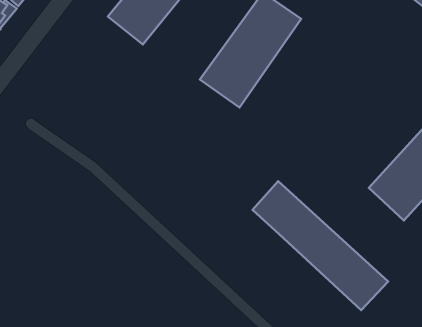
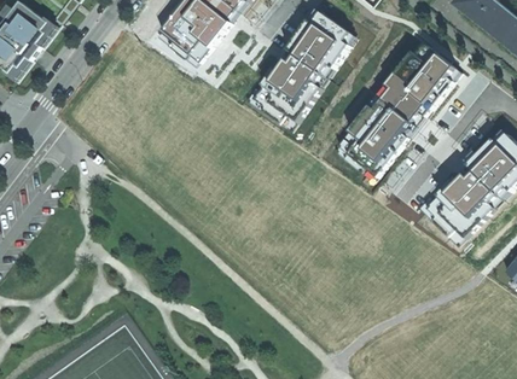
building: none -> [336,43,458,180]
building: [252,181,388,310] -> none

